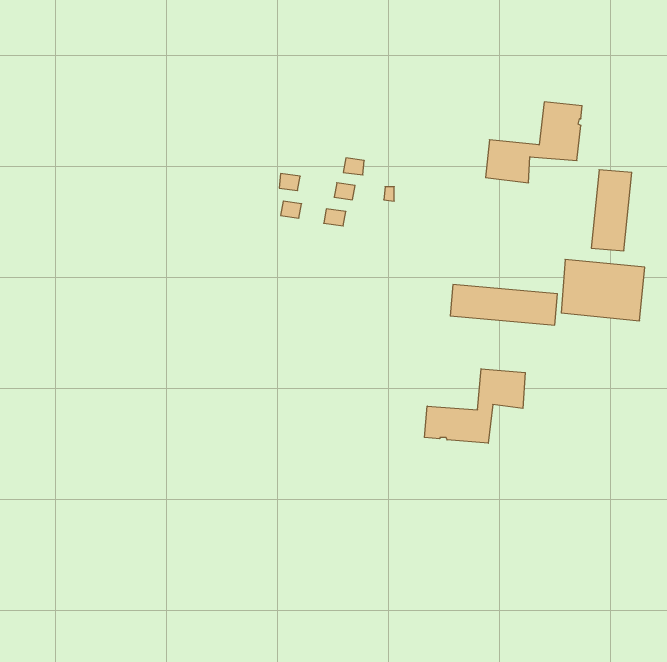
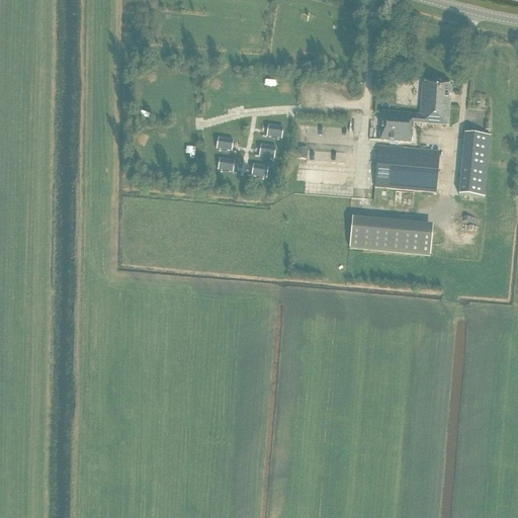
building: [561,259,645,321] -> [373,144,438,191]
building: [424,369,525,443] -> none

